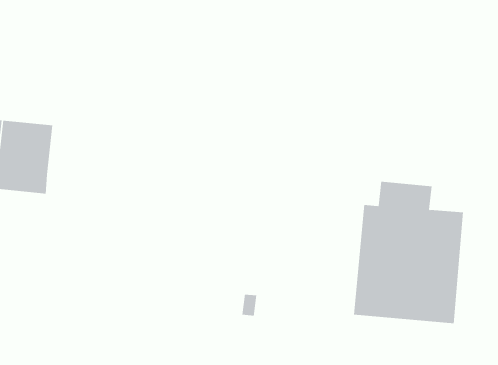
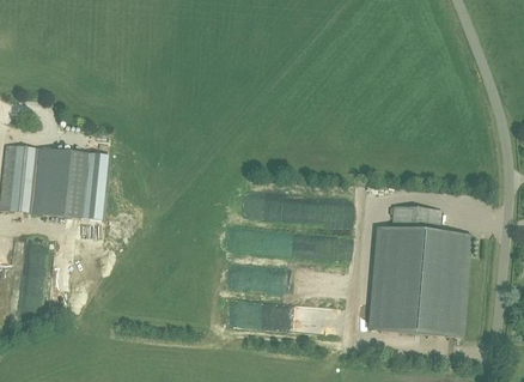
building: none -> [86,153,109,218]

